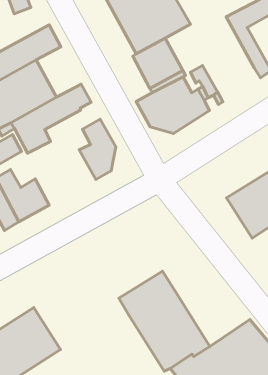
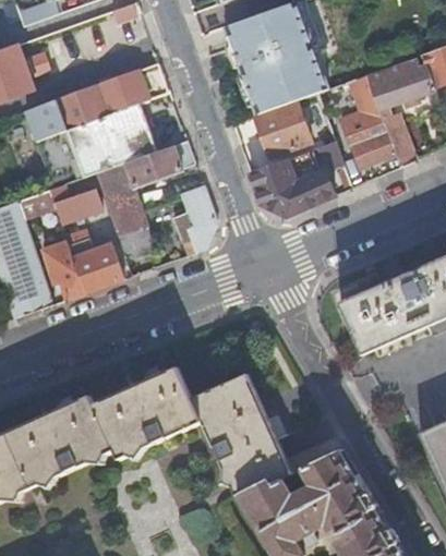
building: none -> [339,74,395,166]
building: none -> [110,202,156,258]
building: none -> [93,366,201,459]

